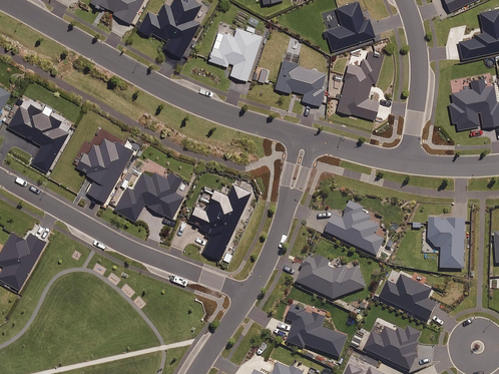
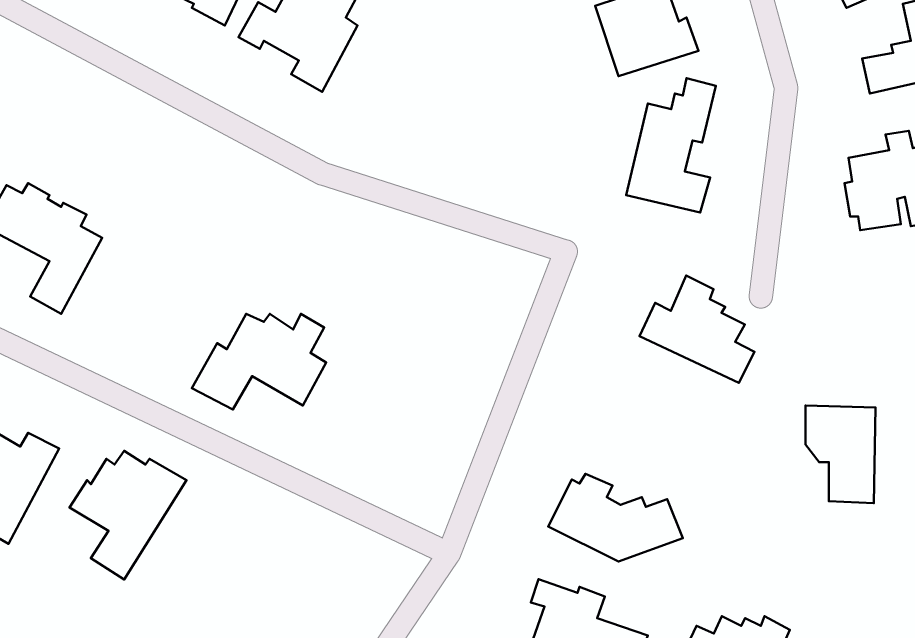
building: [208,26,261,79] -> none
building: [275,49,325,104] -> none
building: [75,135,135,202] -> [70,451,186,580]
building: [188,183,250,260] -> none
building: [326,200,385,255] -> [640,276,754,383]
building: [380,275,437,320] -> none

